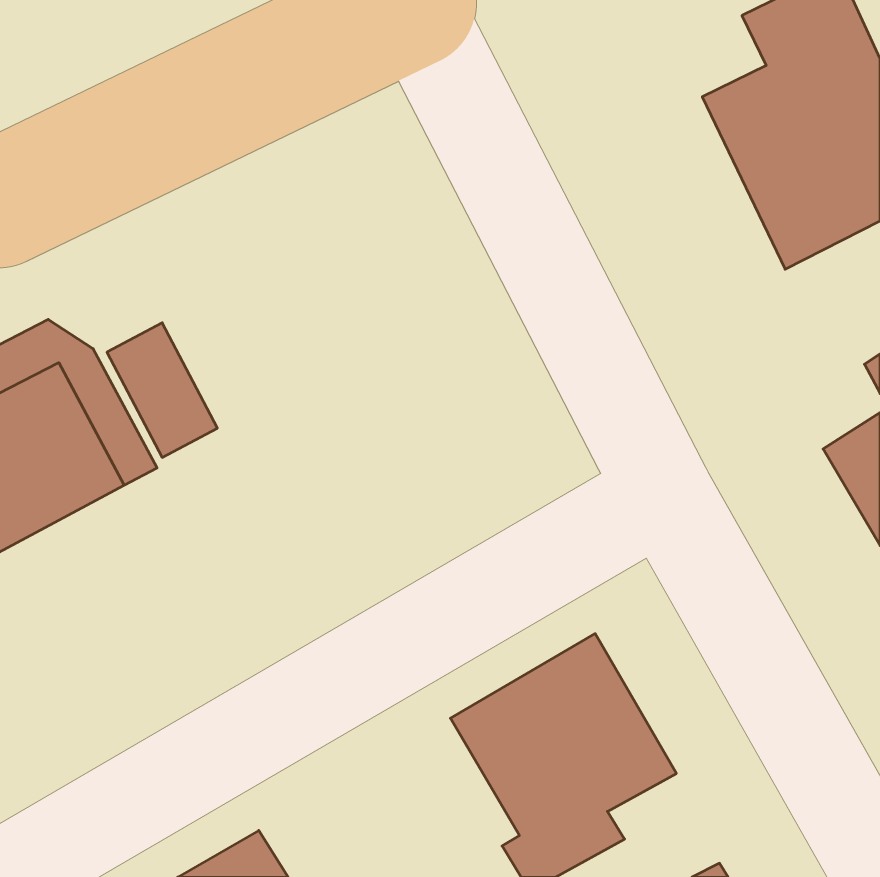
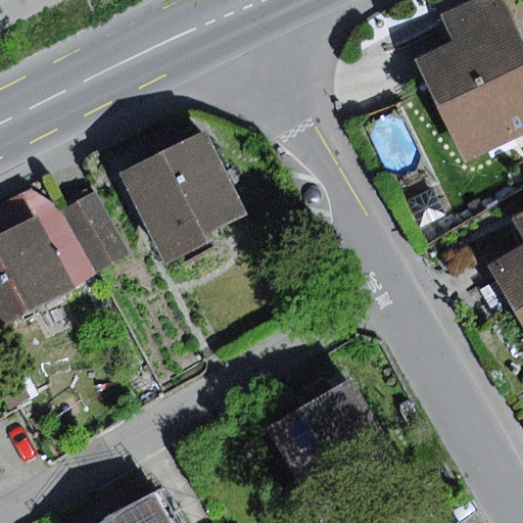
building: none -> [122,135,243,265]

